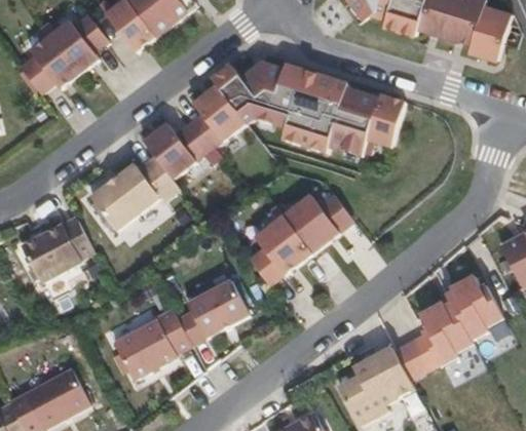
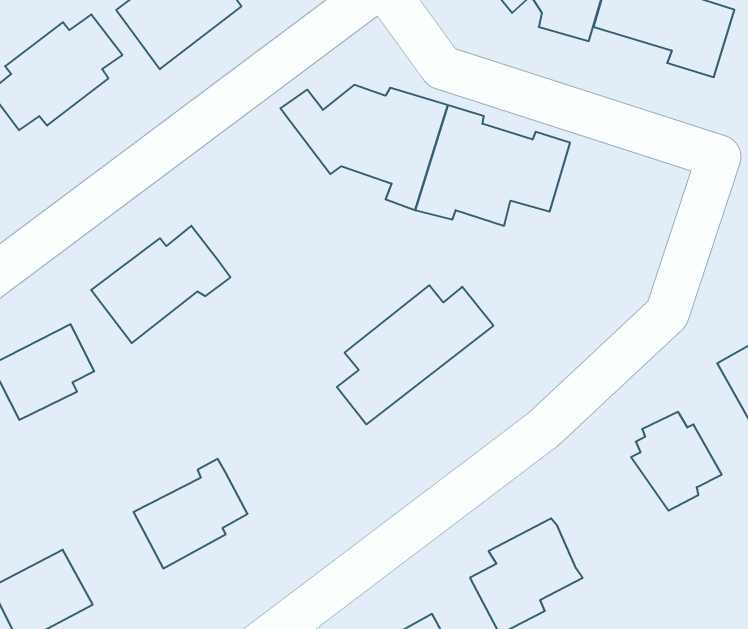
building: [144,82,246,178] -> none
building: [177,279,249,344] -> none
building: [394,304,469,380] -> none

